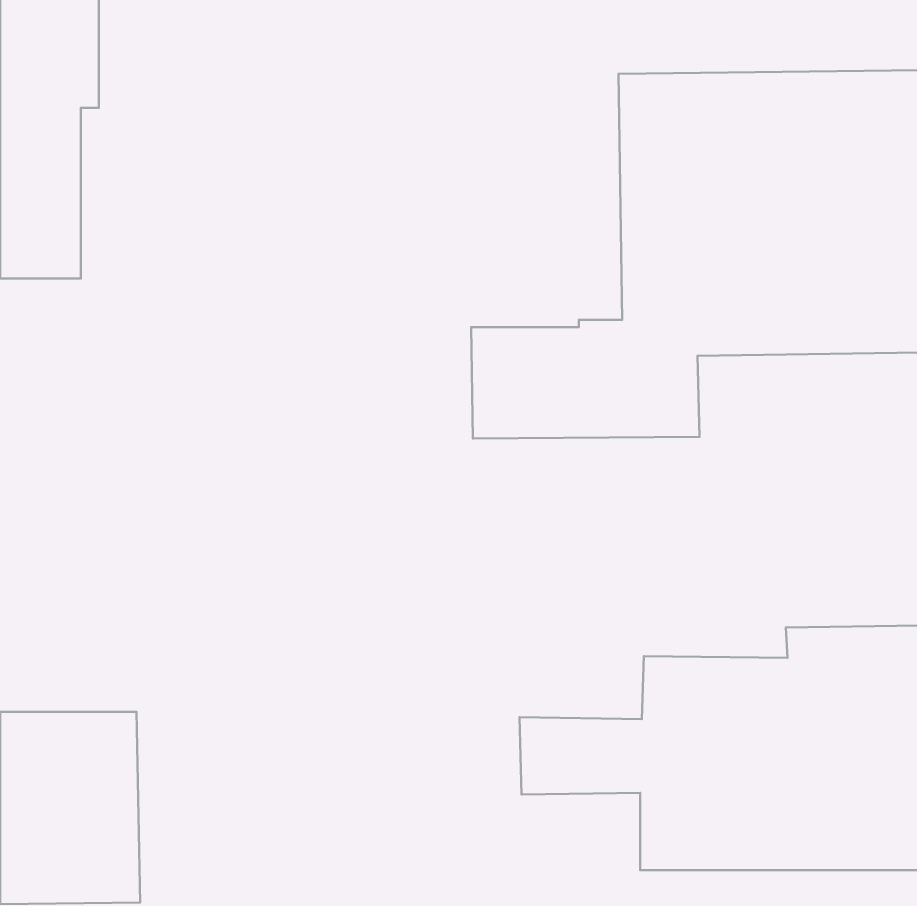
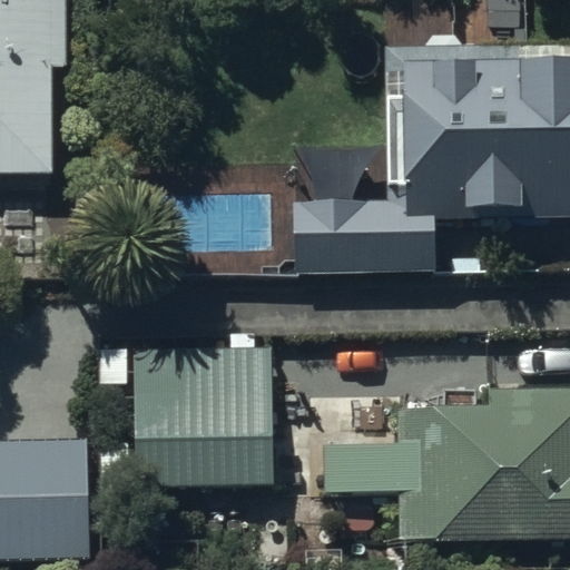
building: none -> [134,348,273,488]

